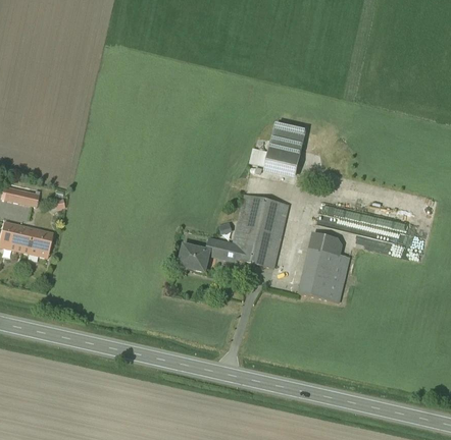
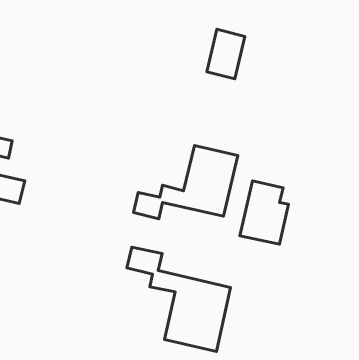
building: [263,120,306,176] -> [207,29,245,79]
building: none -> [127,247,231,351]

